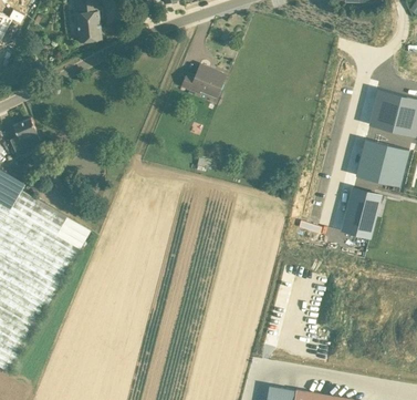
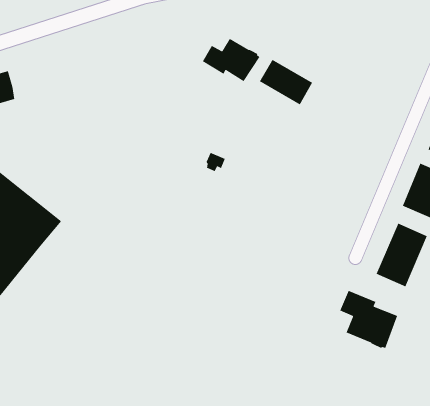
building: none -> [259,59,313,105]
building: none -> [339,290,398,349]

